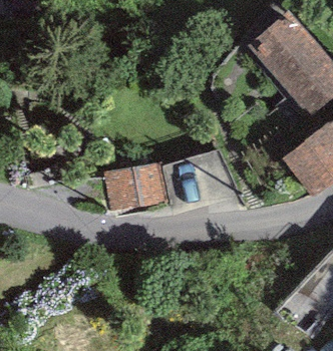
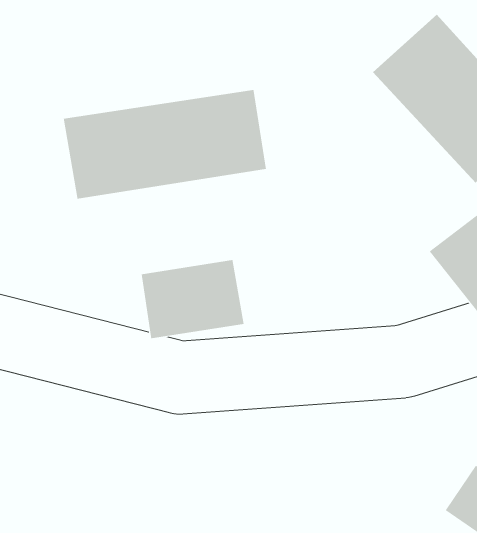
building: none -> [63,89,266,200]

